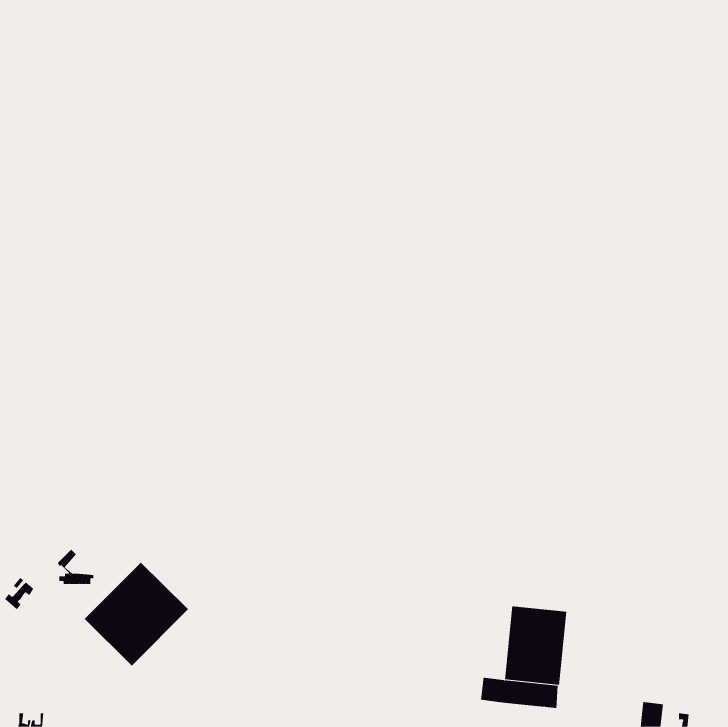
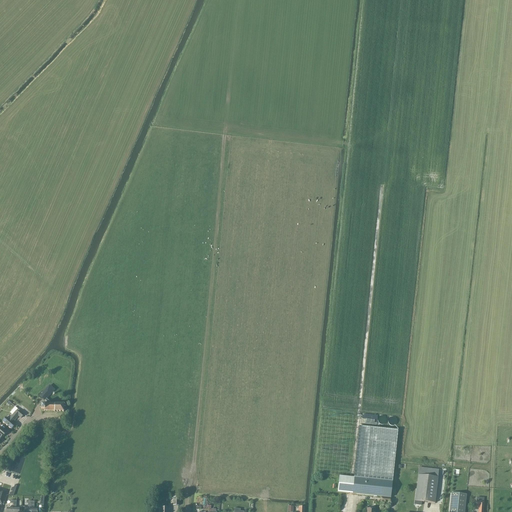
building: [84,562,189,666] -> none
building: none -> [415,466,439,502]

